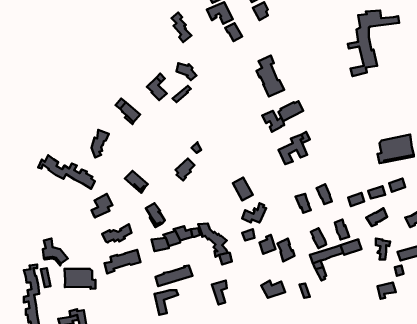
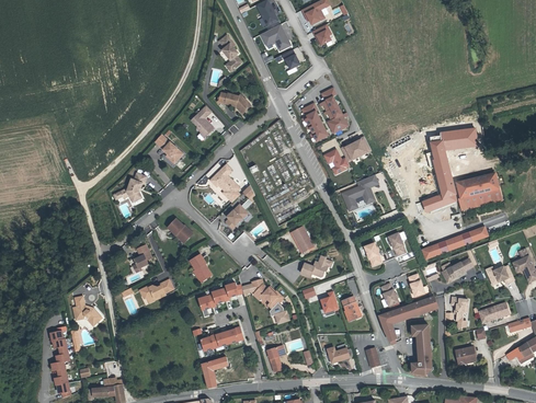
building: [348,10,399,76] -> [418,131,477,207]
building: none -> [299,102,327,141]
building: none -> [209,163,239,199]
building: [38,155,95,189] -> none
building: [104,250,141,273] -> none
building: none -> [413,325,434,376]
building: [65,269,96,289] -> none

